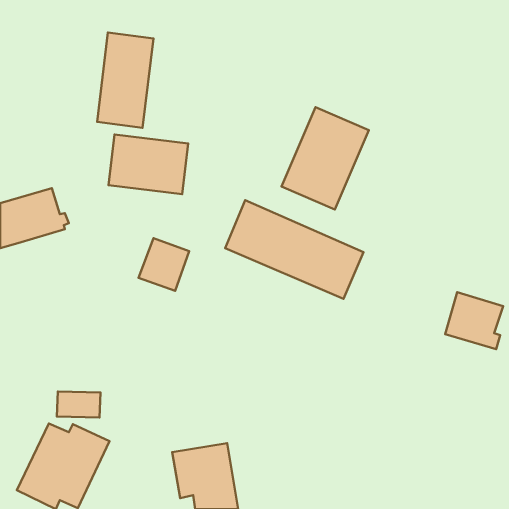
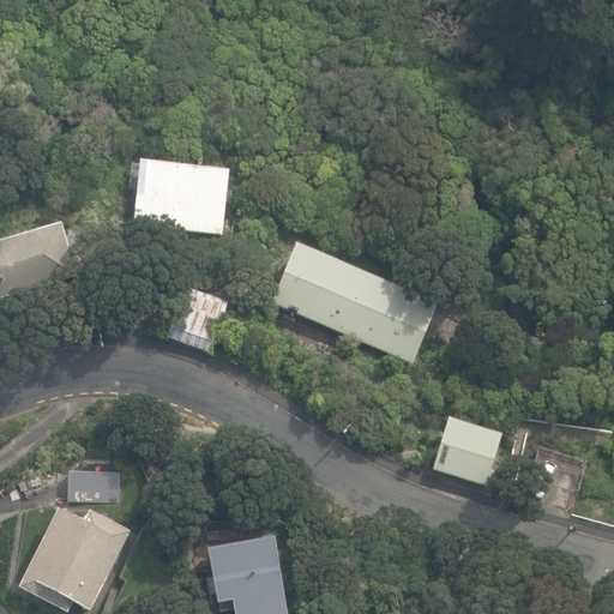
building: [97,33,153,128] -> none
building: [281,107,369,210] -> none
building: [445,292,503,349] -> [429,416,499,484]

